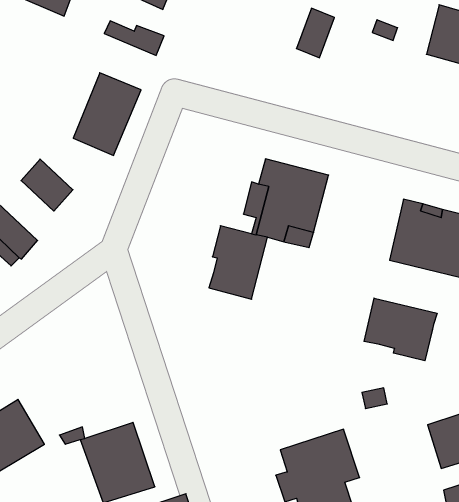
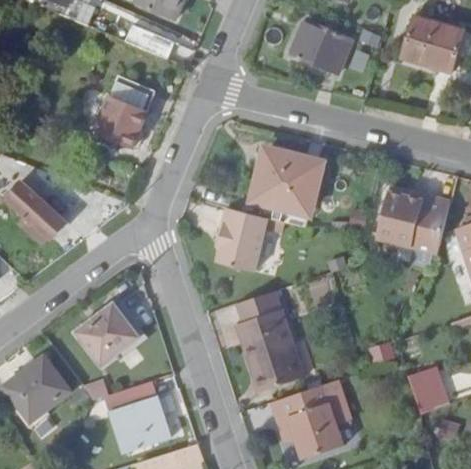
building: none -> [317,25,358,70]
building: [21,159,73,211] -> none
building: [364,298,437,361] -> none
building: none -> [237,295,305,396]
building: none -> [83,302,145,362]

